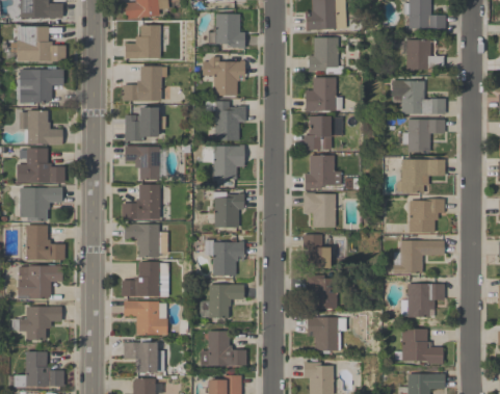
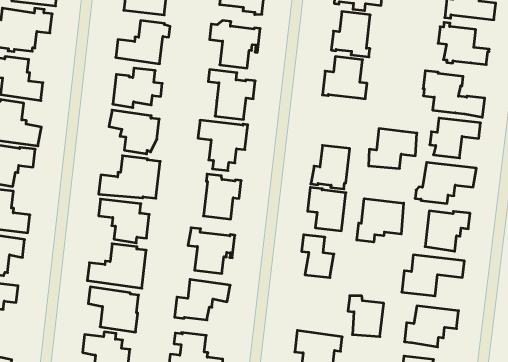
building: [304,116,344,150] -> [369,129,417,168]
building: none -> [357,199,404,242]
building: [308,274,338,309] -> [348,296,384,337]

